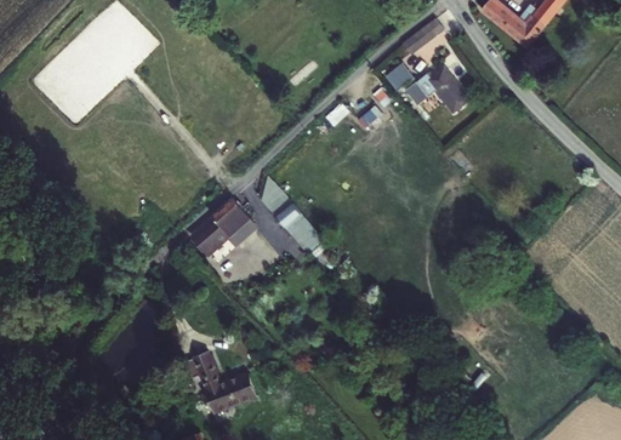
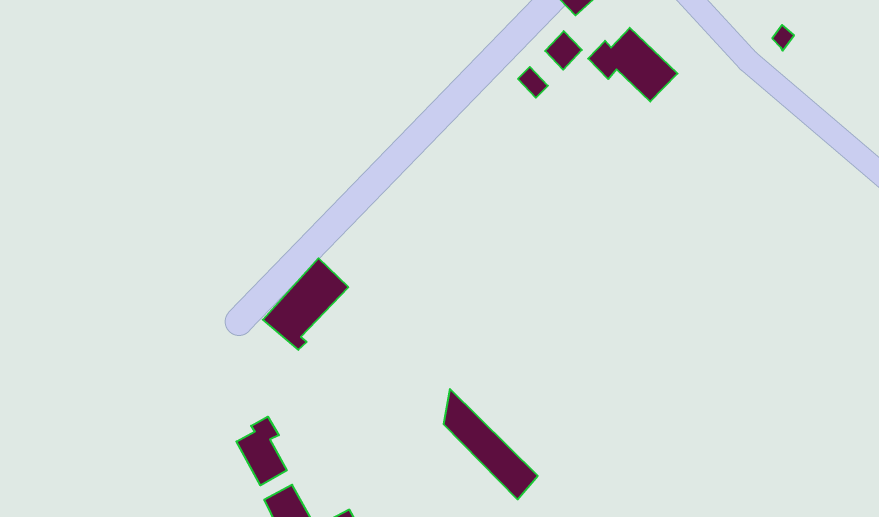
building: [262,179,321,256] -> [444,389,538,499]
building: none -> [236,417,287,485]

